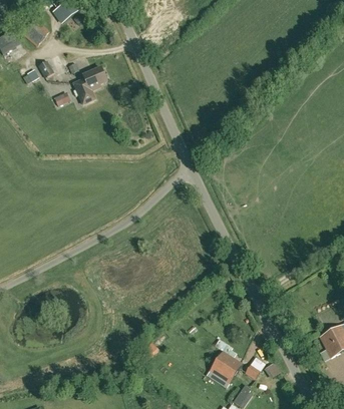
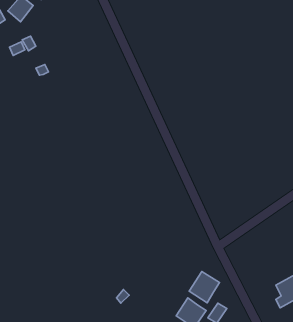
building: [73,66,106,103] -> none
building: none -> [189,272,220,303]

